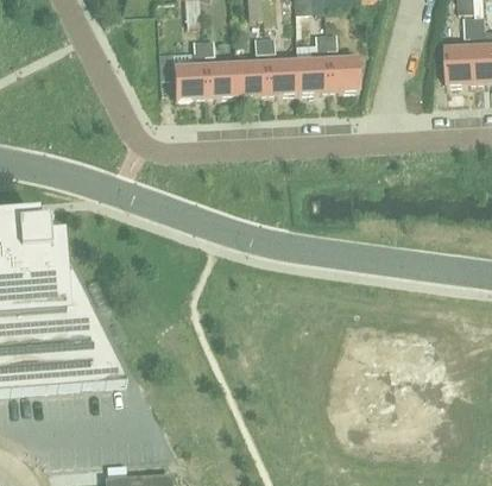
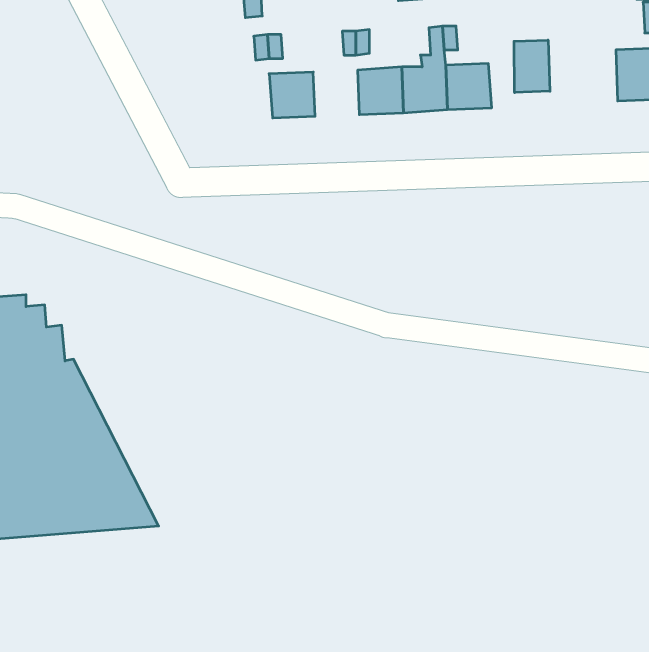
building: none -> [514,40,550,93]
building: [236,62,269,94] -> none
building: [176,64,208,97] -> none

